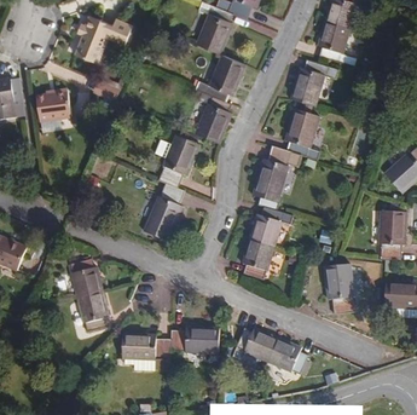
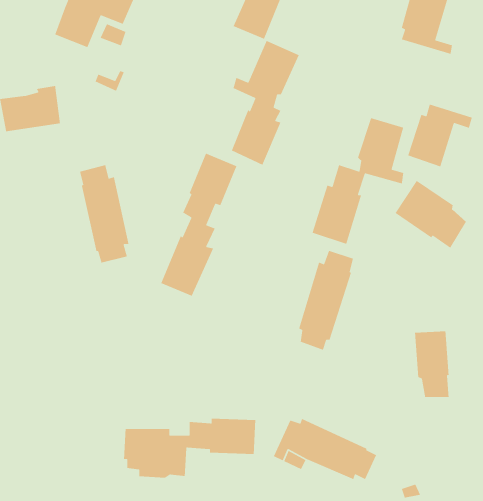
building: [291,59,338,105] -> [407,104,473,167]
building: none -> [394,180,467,249]
building: [66,259,103,330] -> [79,164,129,263]

